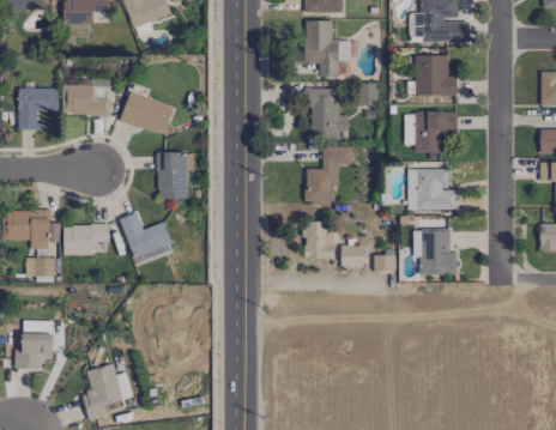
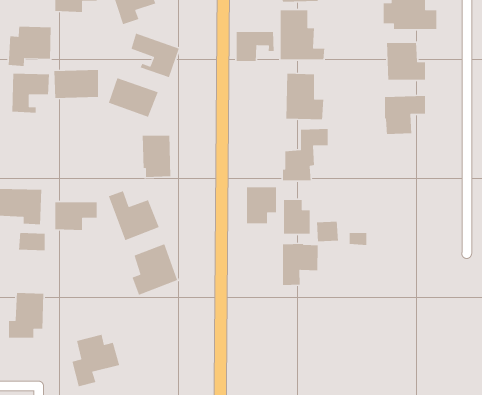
building: none -> [8,26,52,67]
building: none -> [236,31,274,62]
building: none -> [130,33,180,78]
building: [407,169,458,210] -> none
building: none -> [246,186,277,224]
building: [412,219,457,275] -> none
building: none -> [282,243,319,286]
building: none -> [131,243,178,296]

